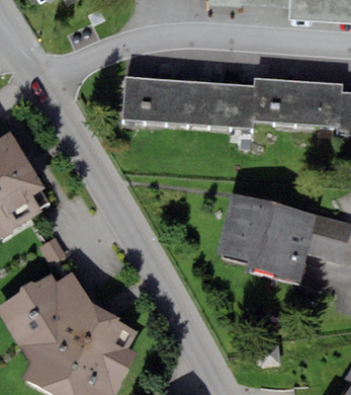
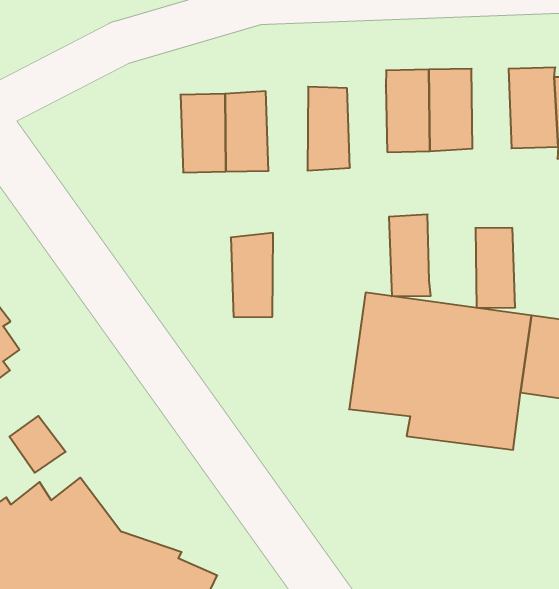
building: [123,77,147,120] -> none
building: [188,82,213,126] -> [231,233,273,317]
building: [295,82,319,126] -> [475,228,515,308]
building: [231,85,254,129] -> [389,214,431,296]

